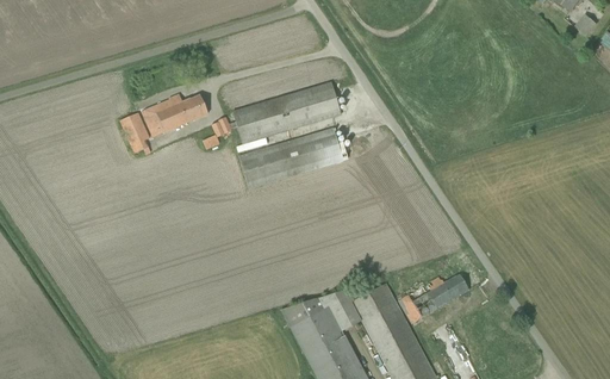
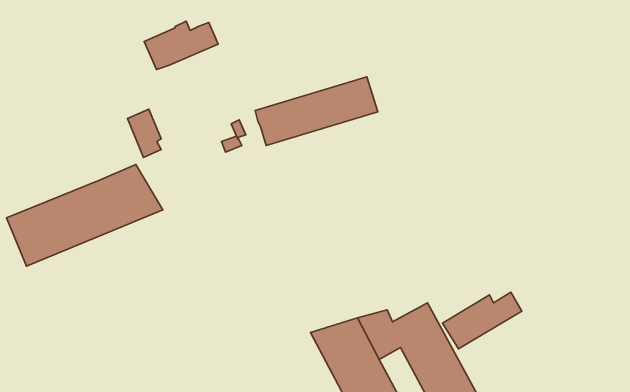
building: [142,92,207,135] -> [144,21,218,70]
building: [238,126,343,187] -> none
building: none -> [7,164,163,266]

